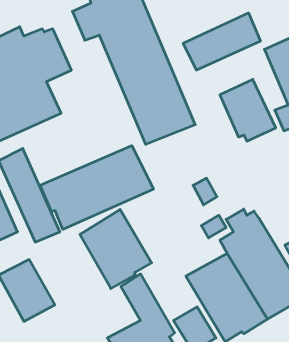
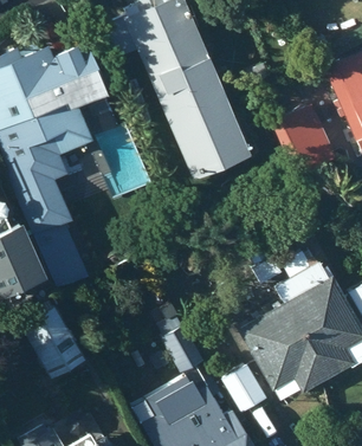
building: [183,13,260,70] -> none
building: [40,146,153,229] -> none
building: [80,209,152,289] -> none

